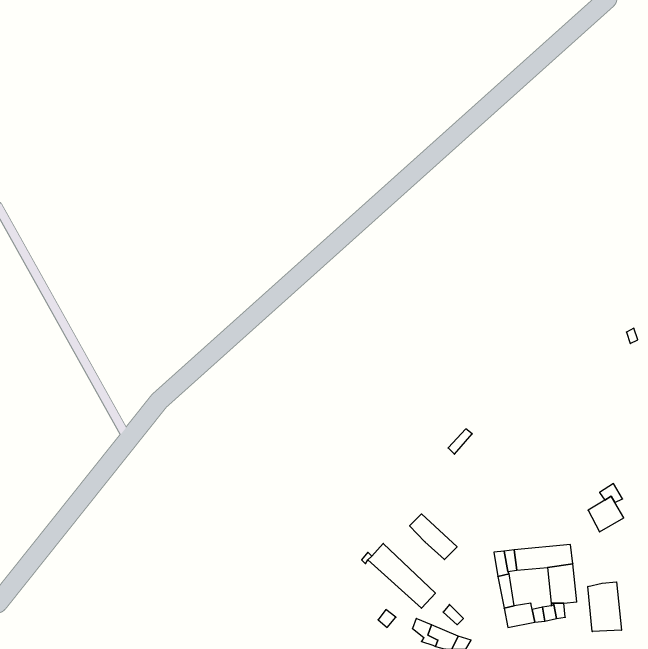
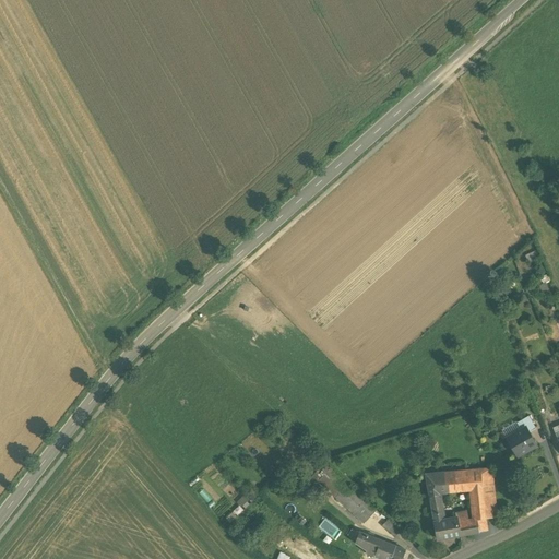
building: [410,514,457,560] -> none
building: [588,582,621,632] -> none

